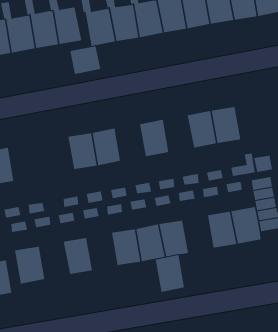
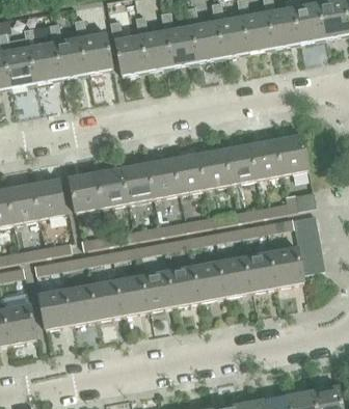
building: [70,45,101,75] -> none
building: none -> [275,134,308,174]
building: none -> [198,148,231,188]
building: none -> [146,158,179,197]
building: none -> [69,171,102,212]
building: none -> [32,179,65,219]
building: none -> [116,274,149,315]
building: none -> [65,283,98,324]
building: [155,255,185,292] -> [219,255,251,296]

